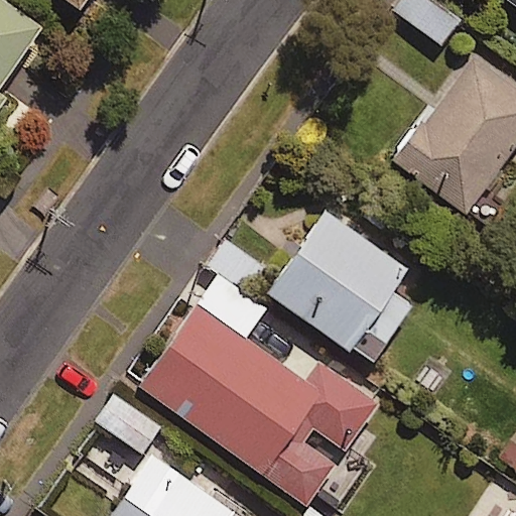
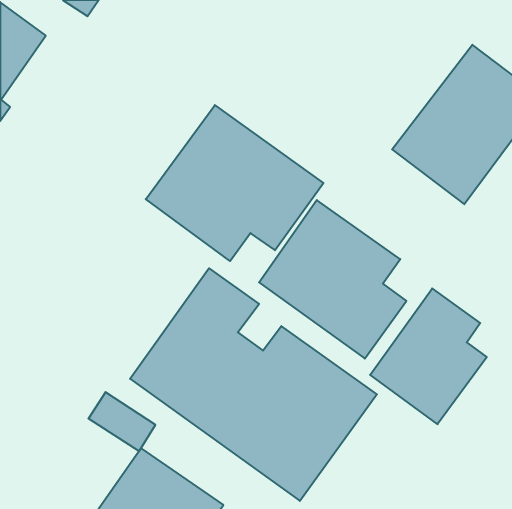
building: none -> [146,105,323,261]
building: none -> [370,288,487,424]

